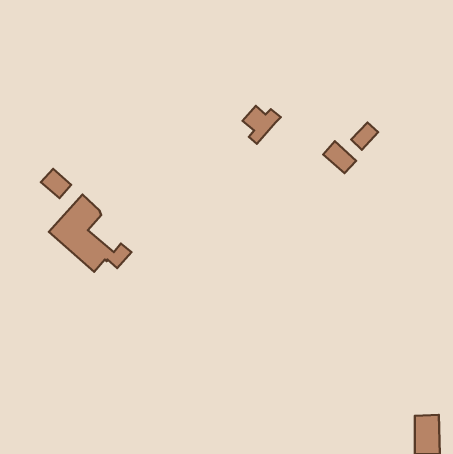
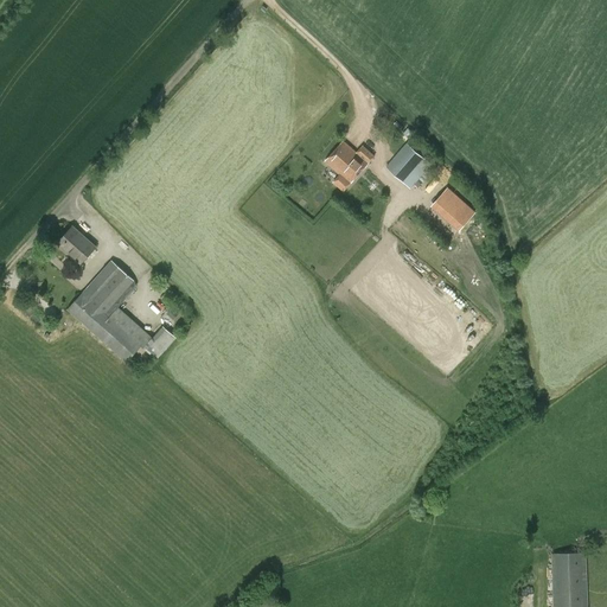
building: none -> [384,142,424,187]
building: [351,122,378,150] -> none

